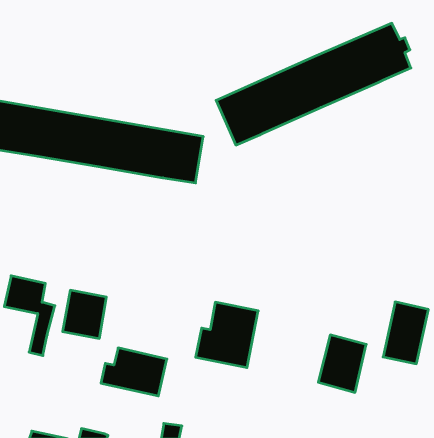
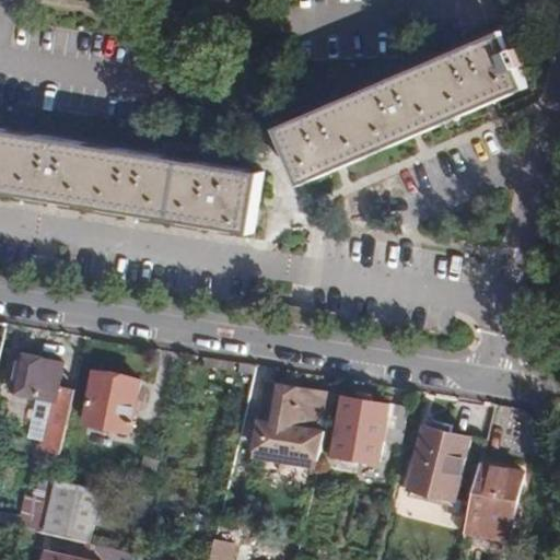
building: [383,302,428,364] -> [463,463,521,541]
building: none -> [331,396,406,464]
building: [101,348,167,396] -> [16,479,101,540]

